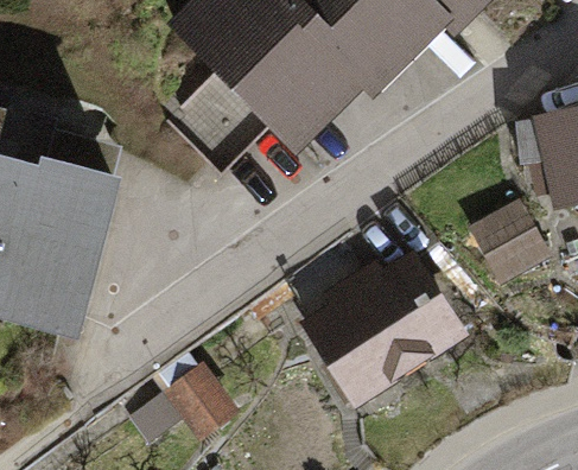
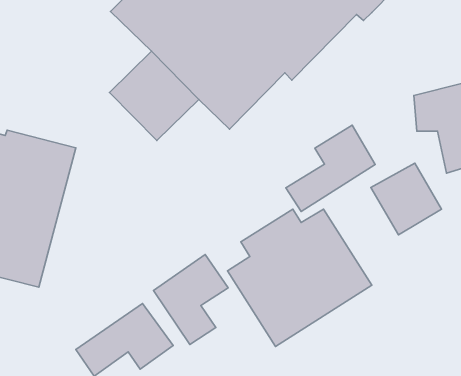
building: none -> [286,125,375,212]
building: none -> [154,255,228,344]

